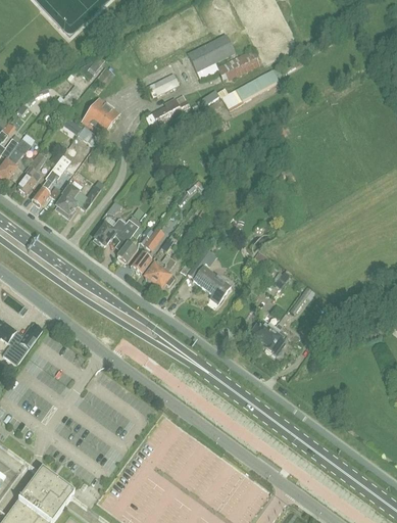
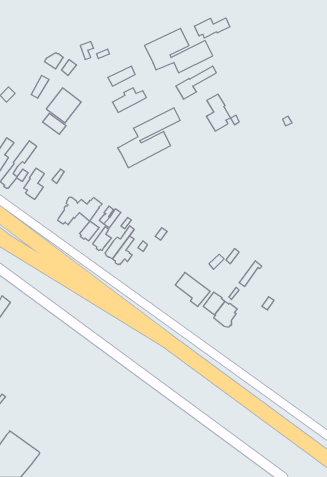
building: none -> [194,18,230,38]
building: none -> [206,94,231,131]
building: none -> [118,108,180,168]
building: [194,267,232,303] -> [175,272,210,306]

